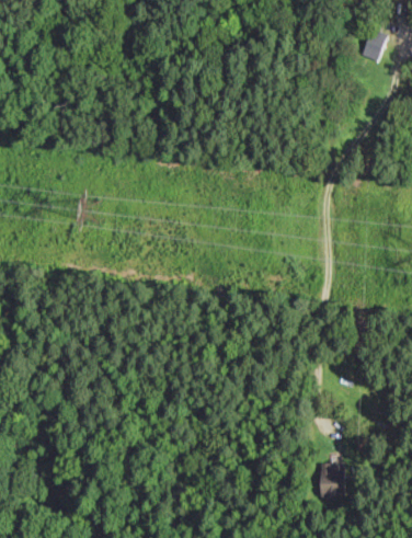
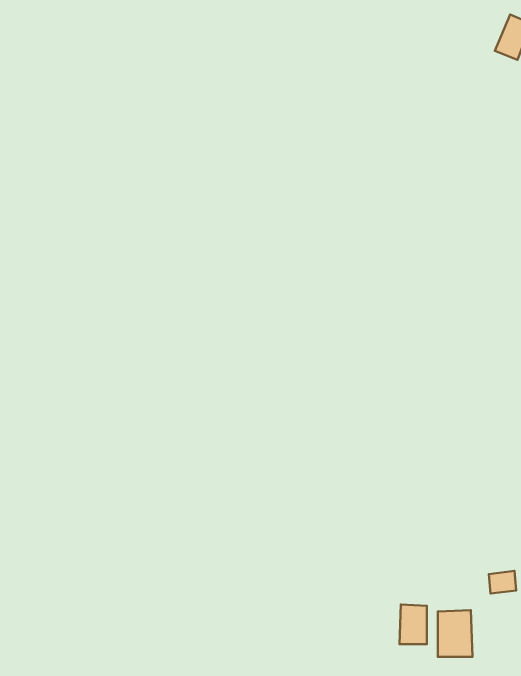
building: none -> [399,605,427,644]

